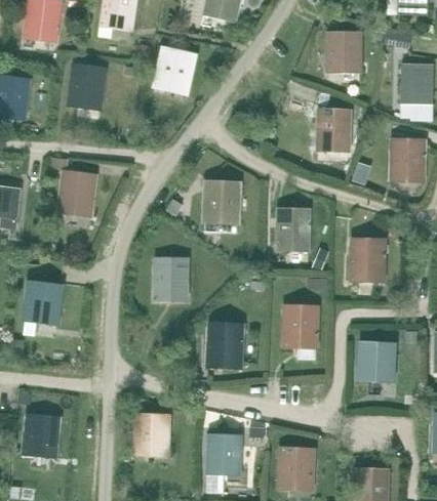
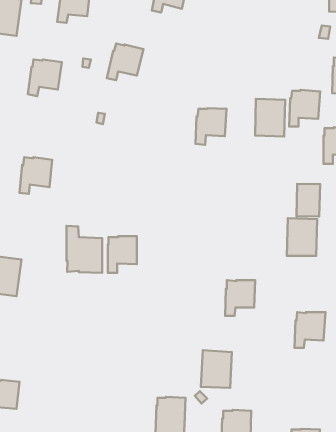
building: [327,32,361,72] -> [289,90,320,126]
building: [205,181,239,221] -> [196,108,227,145]
building: none -> [296,184,320,217]
building: [277,209,310,249] -> none
building: none -> [66,226,102,273]
building: [208,324,242,365] -> [201,350,232,388]
building: [135,414,169,454] -> none

